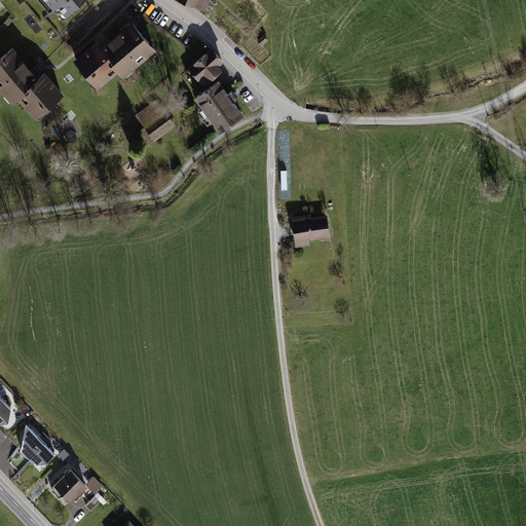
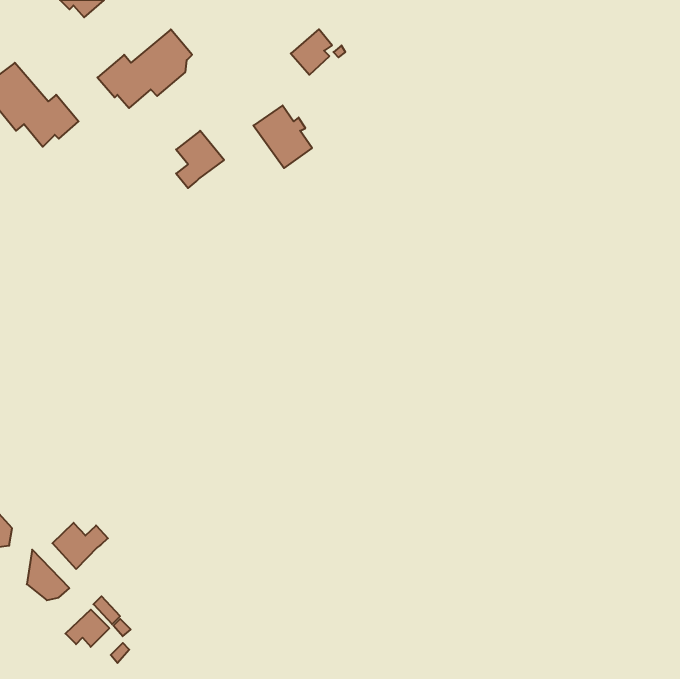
building: [189,50,221,85] -> [291,29,332,75]
building: [293,218,328,240] -> none
building: none -> [52,523,108,569]

